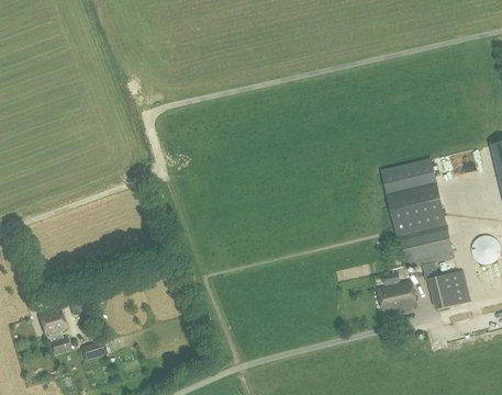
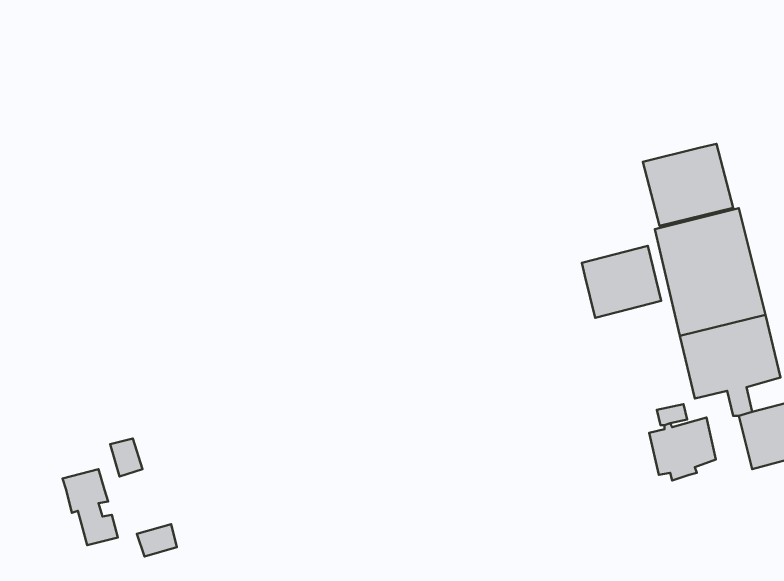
building: none -> [643,144,733,226]
building: none -> [582,246,661,318]

